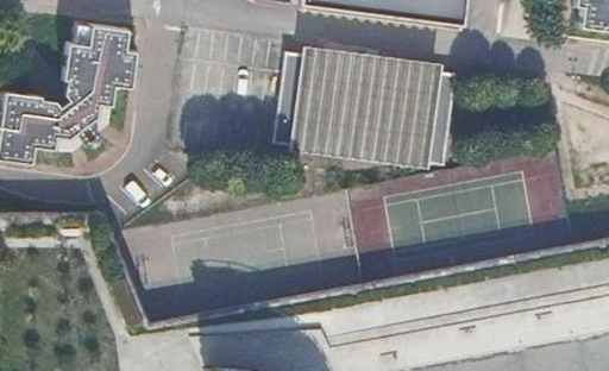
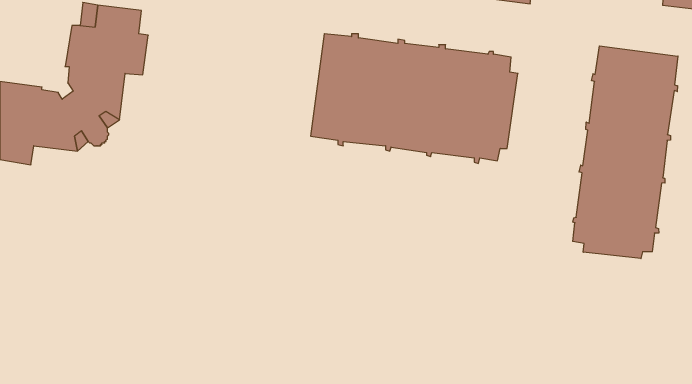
building: none -> [573,46,678,259]

